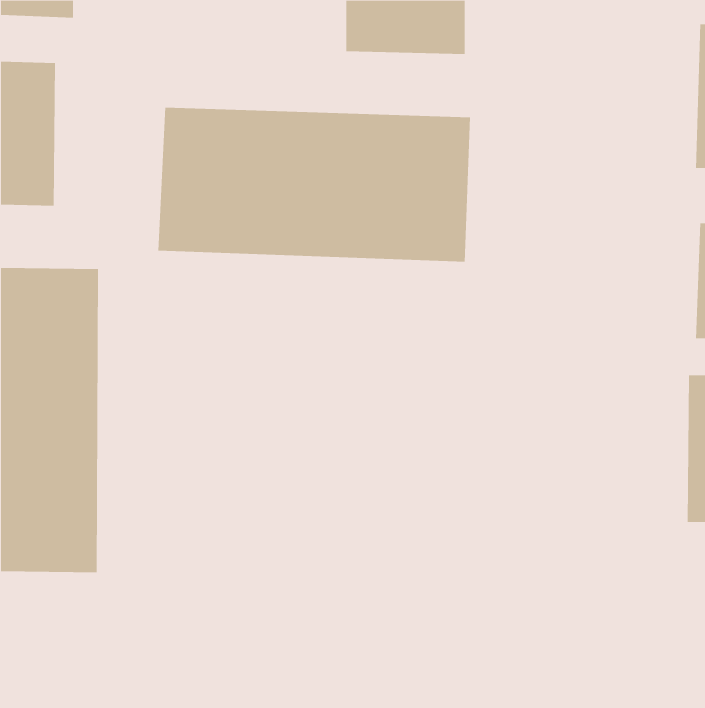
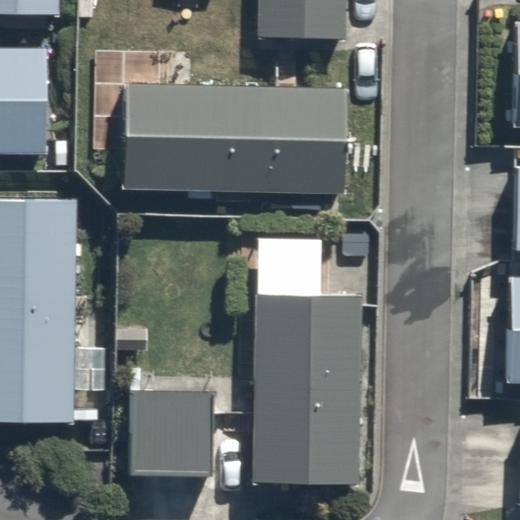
building: none -> [250,294,360,484]
building: none -> [129,390,212,478]

